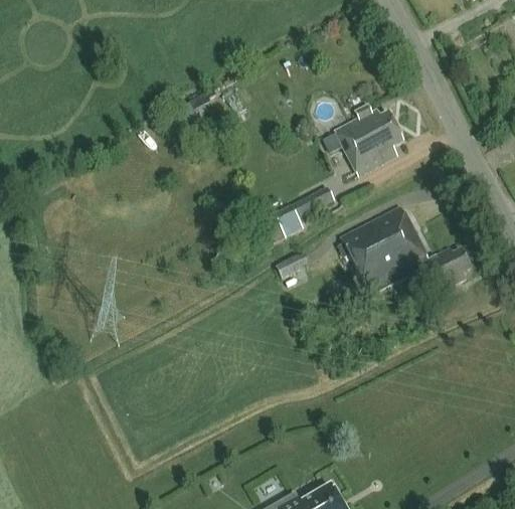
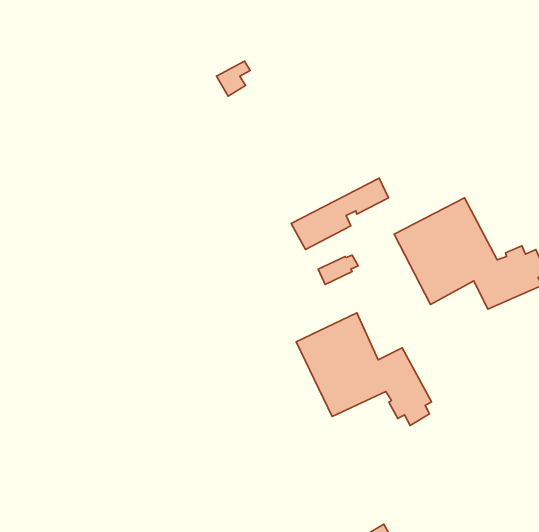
building: [335,106,404,176] -> none
building: none -> [296,313,432,425]

